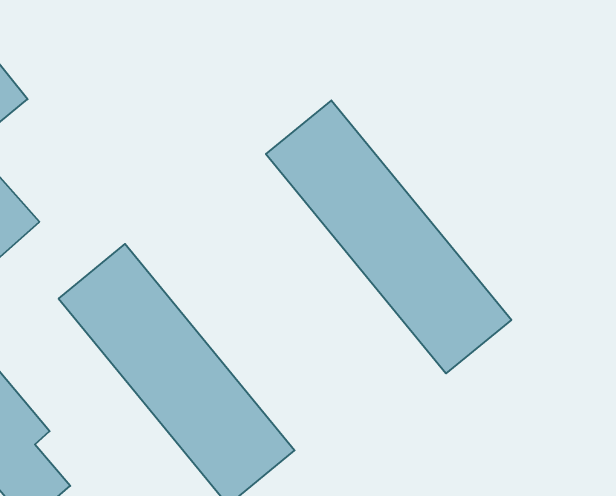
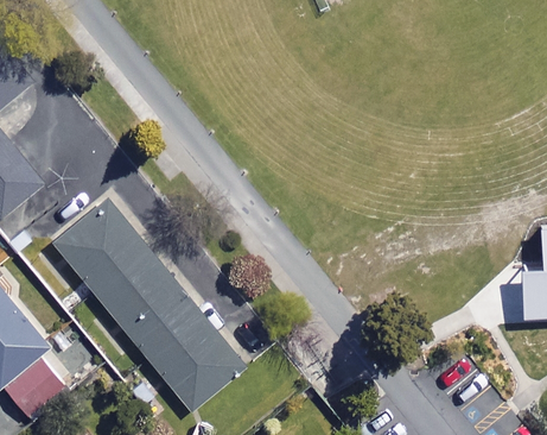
building: [266,100,511,373] -> none

